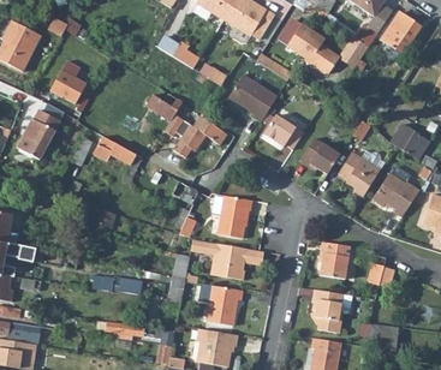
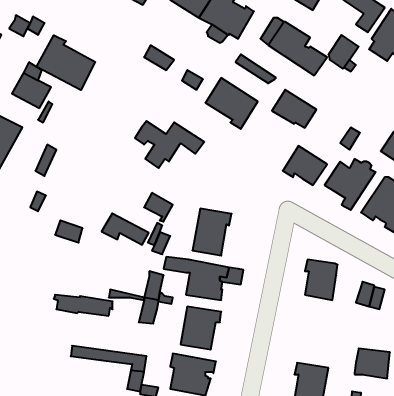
building: none -> [36,35,95,90]
building: [145,92,183,120] -> none
building: [263,114,304,149] -> [272,90,316,128]
building: [93,136,136,165] -> [102,213,149,245]
building: [312,288,352,333] -> none

